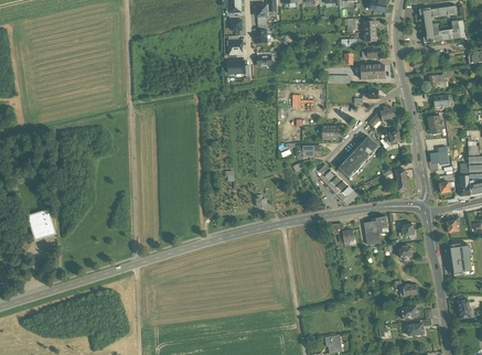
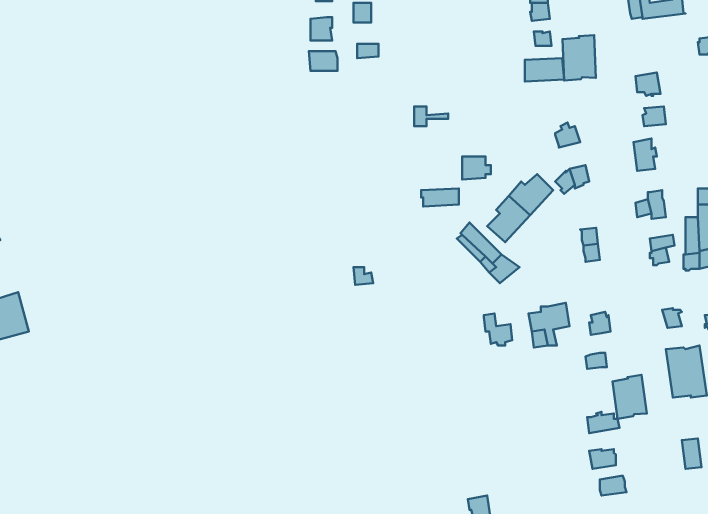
building: none -> [562,35,596,80]
building: none -> [612,375,647,419]

